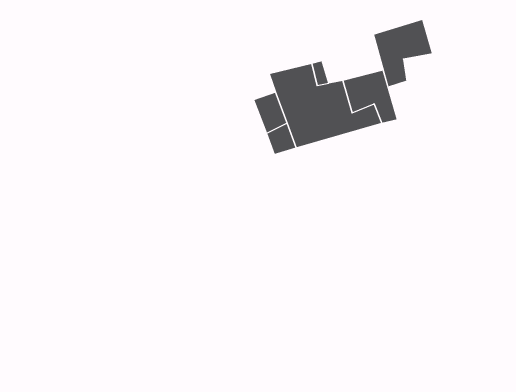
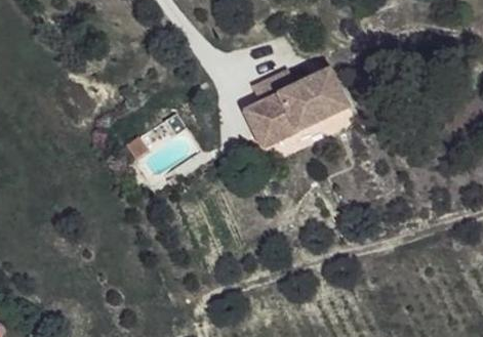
building: [373,19,432,87] -> none

